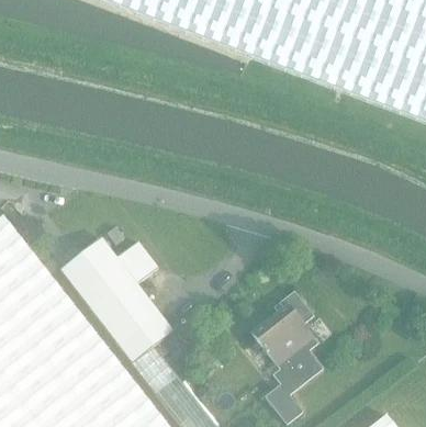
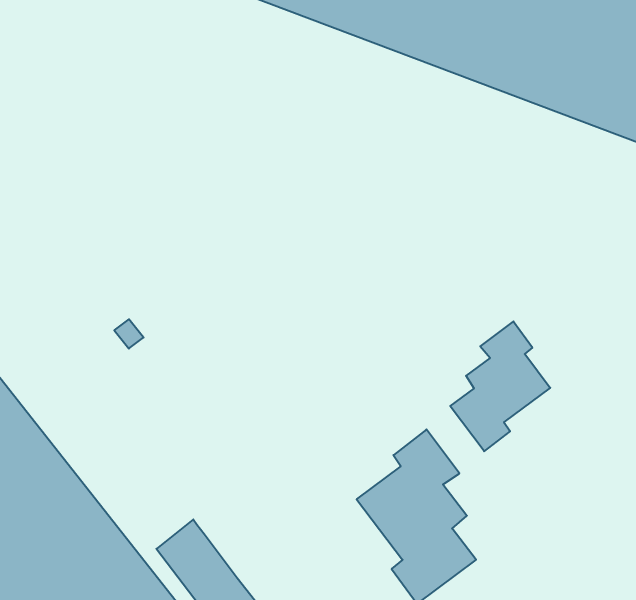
building: none -> [450,321,550,451]
building: [59,237,173,363] -> none

